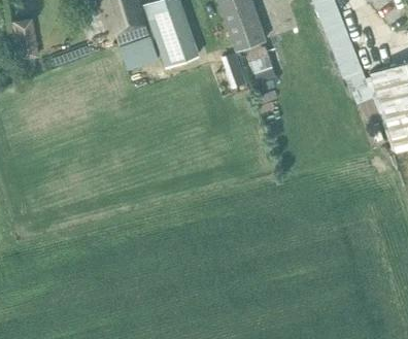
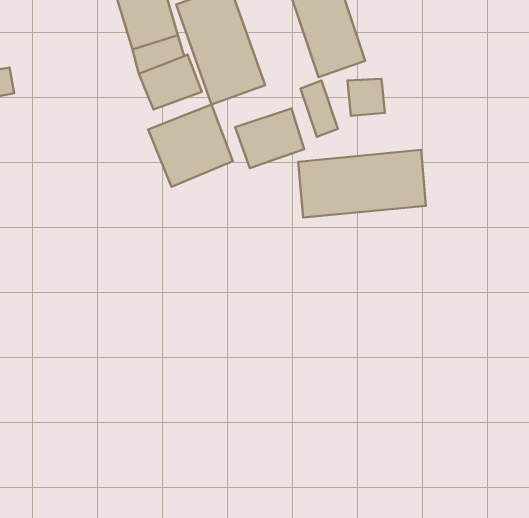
building: none -> [148,105,233,187]
building: none -> [235,108,304,168]
building: none -> [298,150,426,217]

